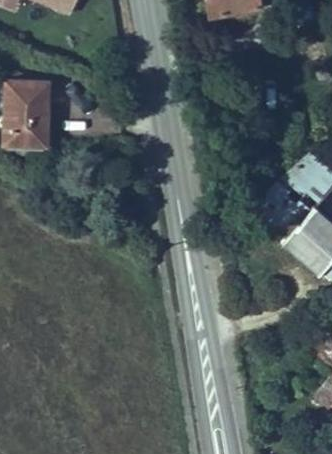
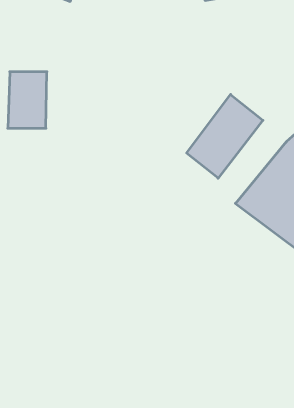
building: none -> [187,94,263,178]

